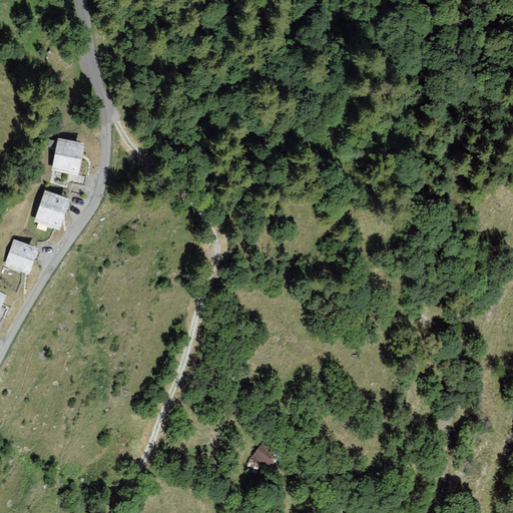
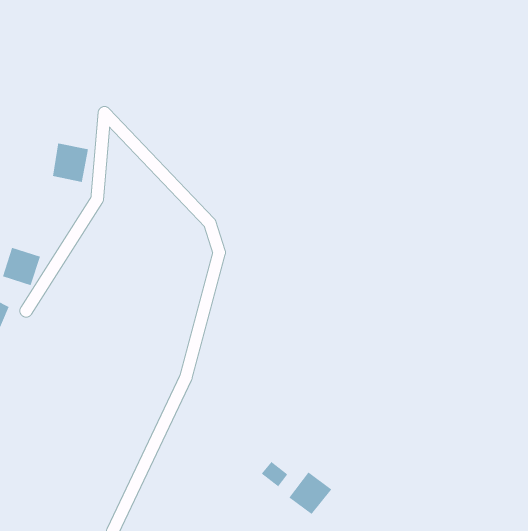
building: [33,189,71,229] -> none
building: none -> [288,472,332,515]

